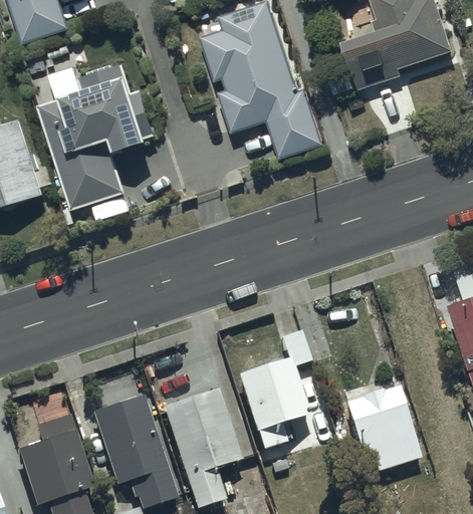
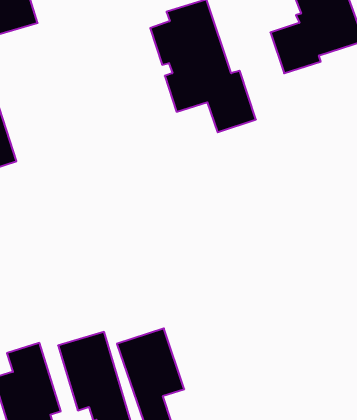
building: [37,63,155,209] -> none
building: [237,326,321,447] -> none
building: [342,386,421,469] -> none

